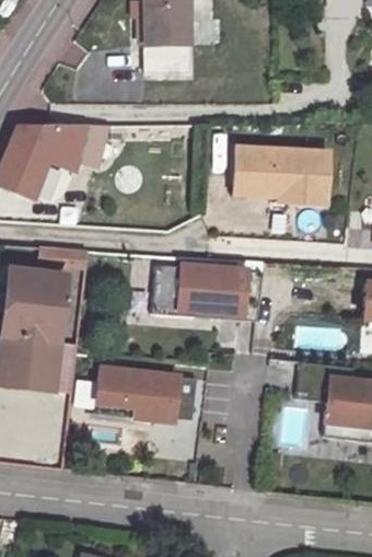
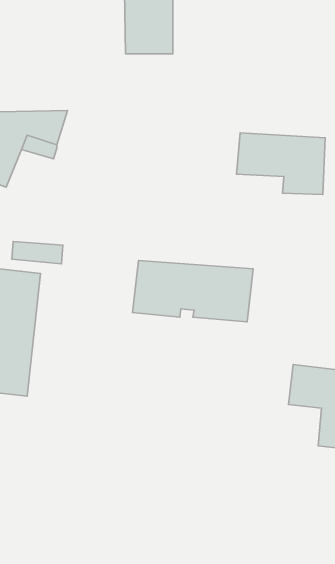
building: [82,125,116,166] -> none
building: [234,144,292,201] -> none
building: [95,367,197,421] -> none

